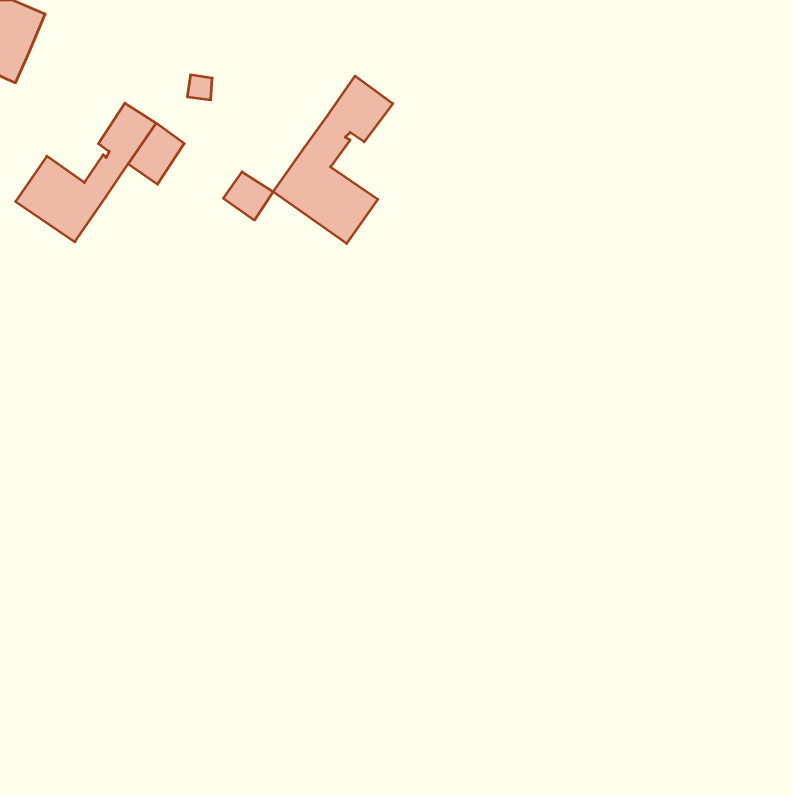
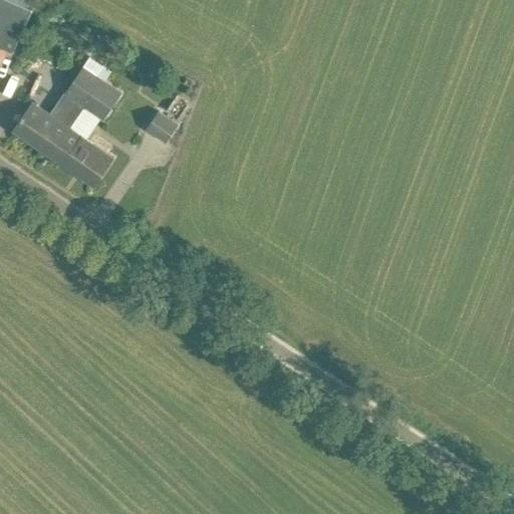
building: [273,76,393,244] -> none
building: none -> [48,127,111,187]

